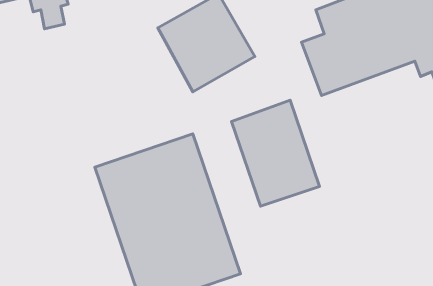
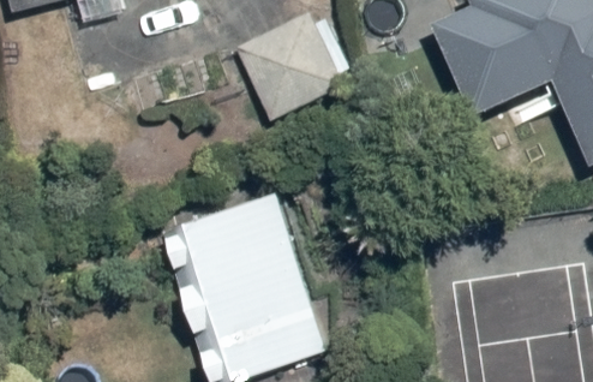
building: [232,100,319,206] -> none

